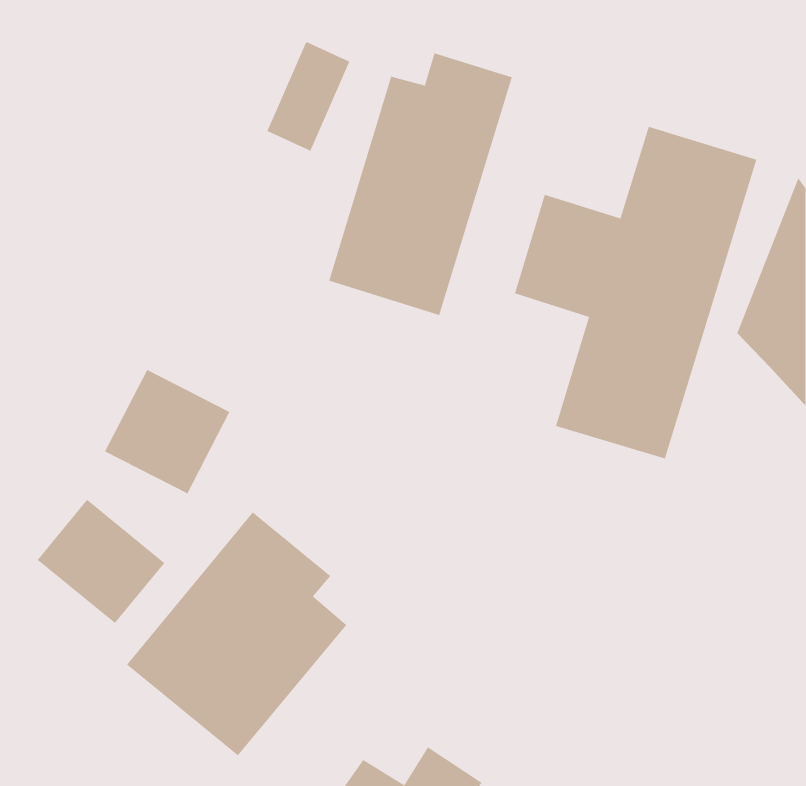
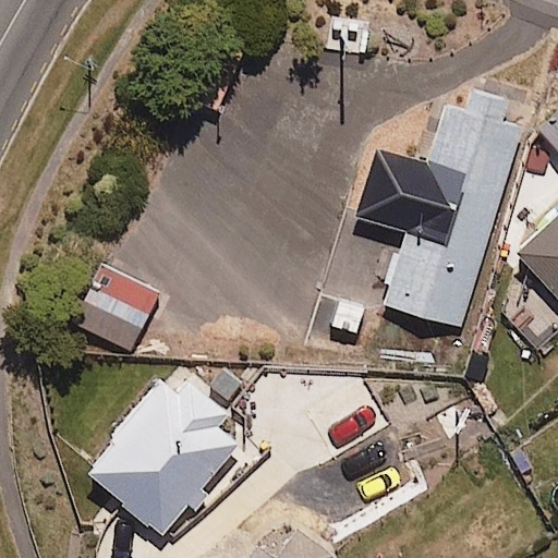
building: [329,52,512,316] -> none
building: [37,499,165,624] -> none

